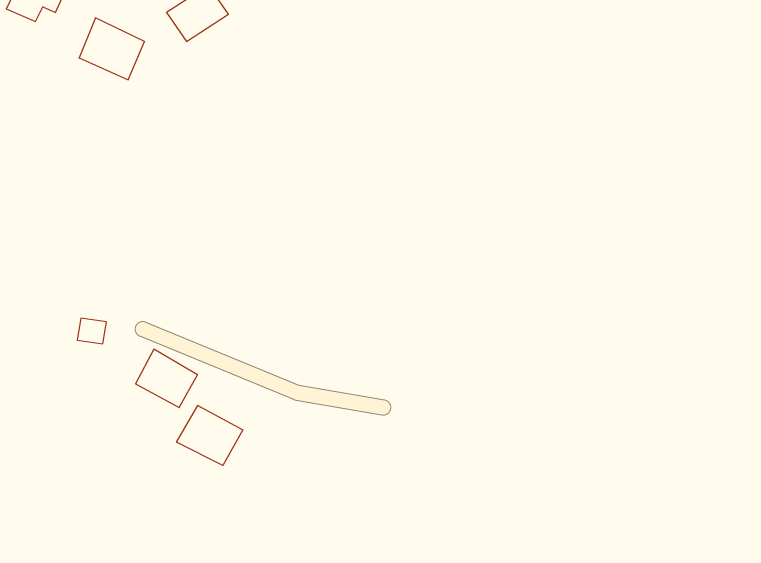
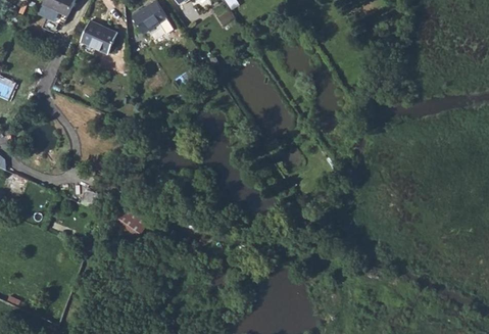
building: [177,405,243,465] -> none

